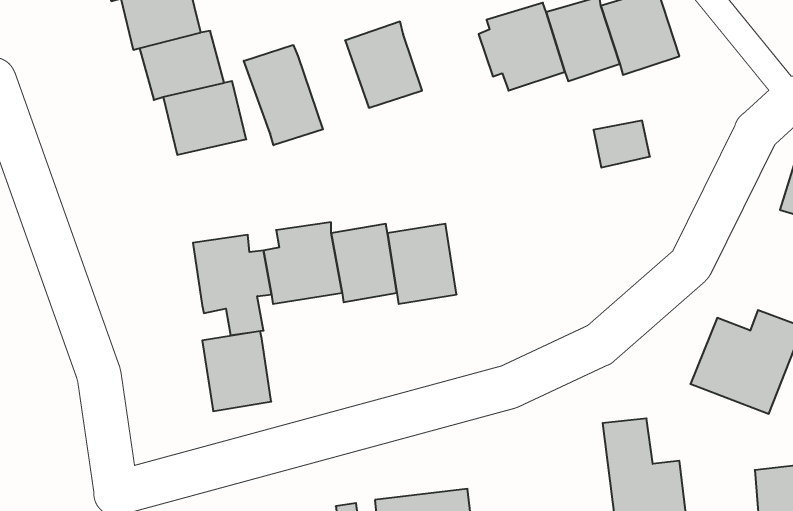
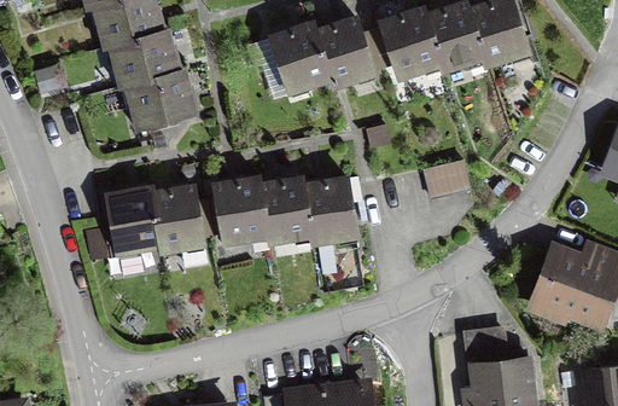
building: none -> [315,19,384,85]
building: [244,45,323,145] -> none
building: [593,121,650,168] -> [425,162,468,198]
building: [202,331,271,411] -> [107,188,161,250]

